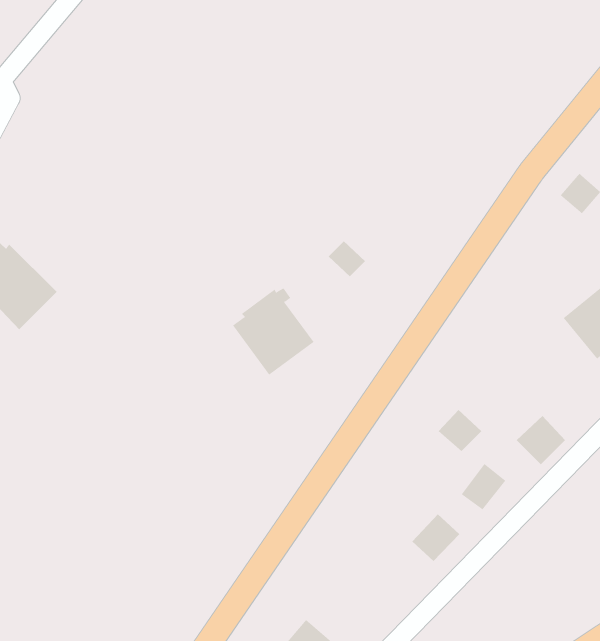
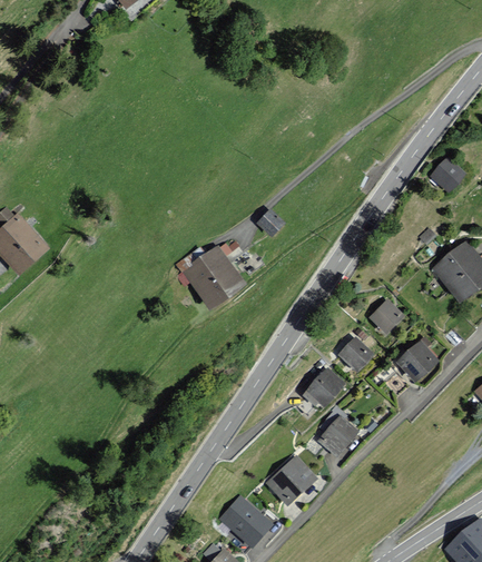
building: none -> [372,300,403,332]
building: [461,463,506,510] -> [308,368,343,404]
building: none -> [268,456,315,503]

